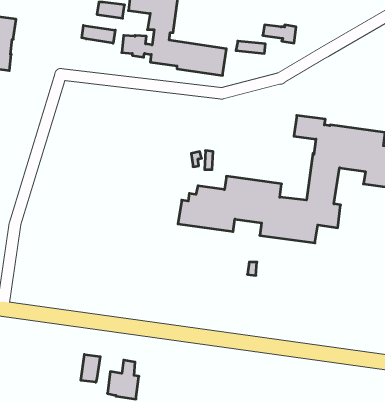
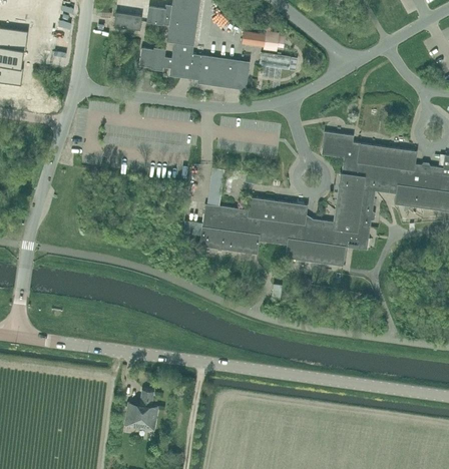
building: [263,25,296,43] -> [243,31,278,50]
building: [82,25,115,43] -> none
building: [81,354,100,382] -> none

